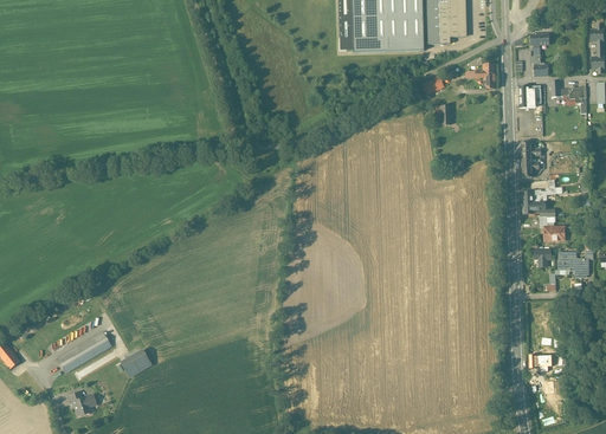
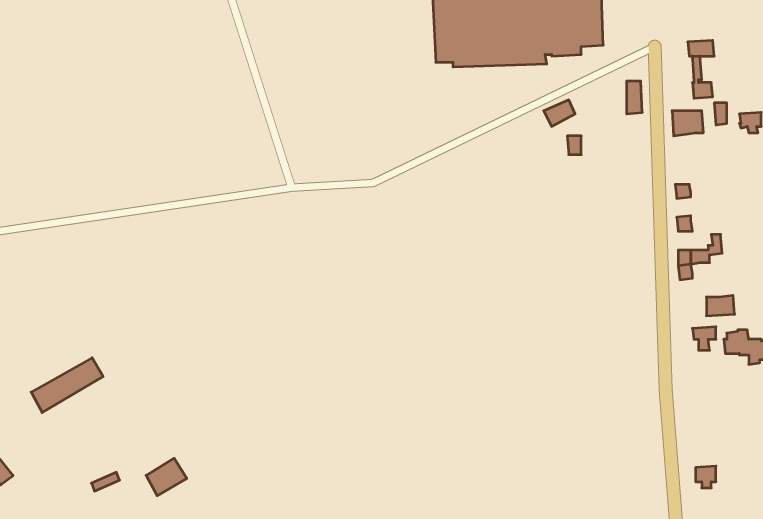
building: [57,331,111,373] -> [31,358,103,413]

